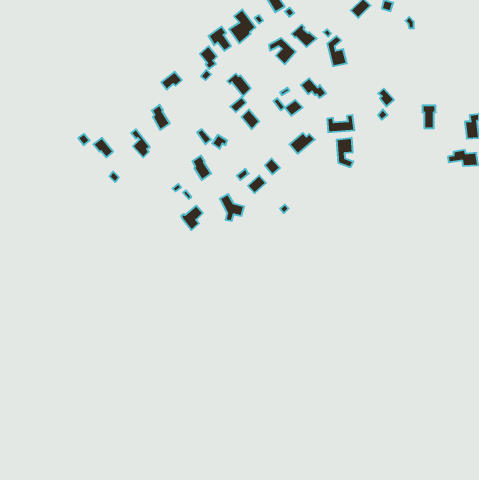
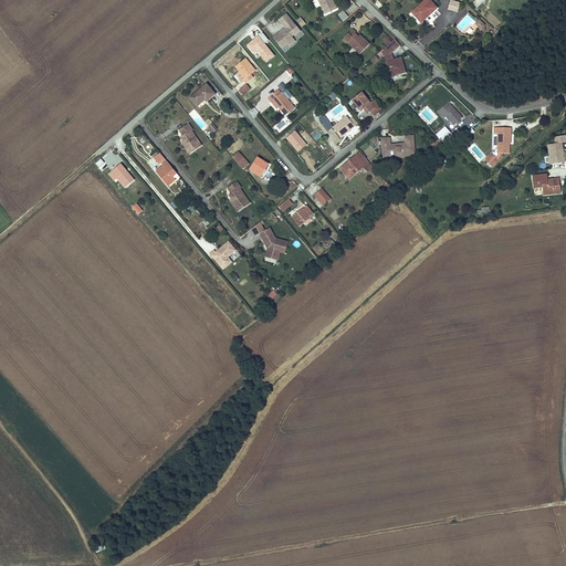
building: [269,38,296,64] -> none
building: [337,138,353,167] -> none

